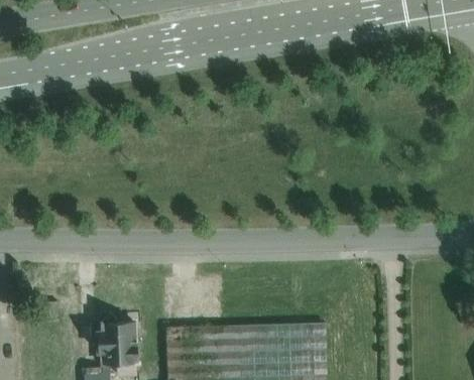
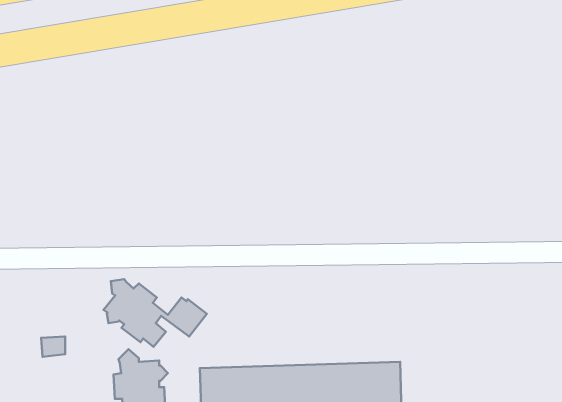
building: none -> [103,279,207,347]

